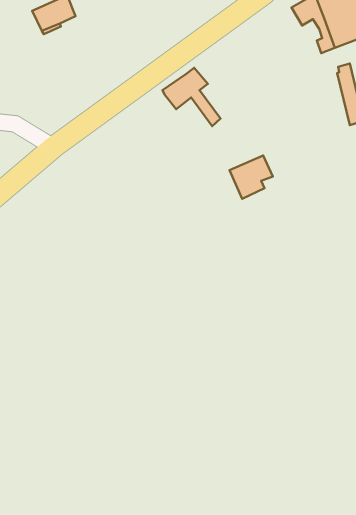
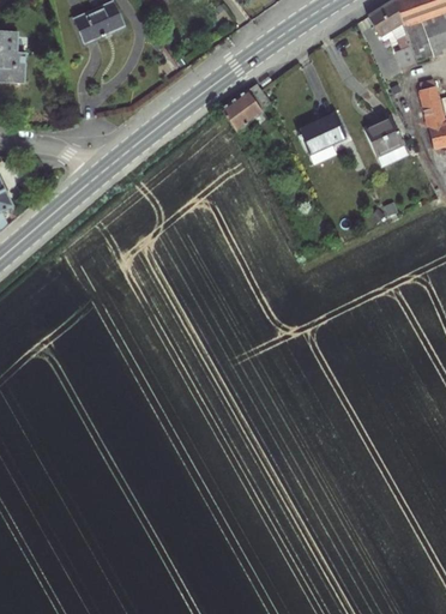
building: none -> [360,106,403,155]
building: [229,155,273,199] -> [297,112,346,161]

